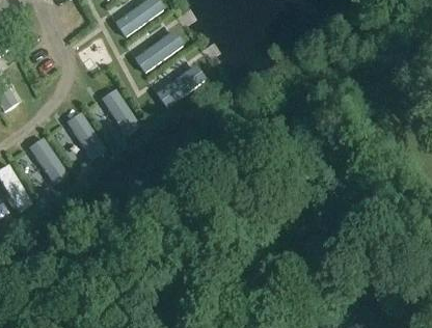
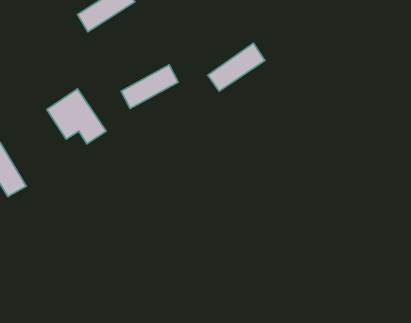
building: [134,29,186,73] -> [208,43,265,91]
building: [65,112,105,159] -> none

